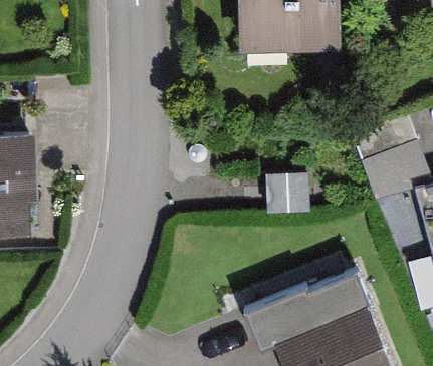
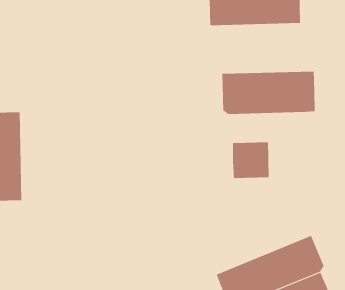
building: none -> [222,71,315,115]

